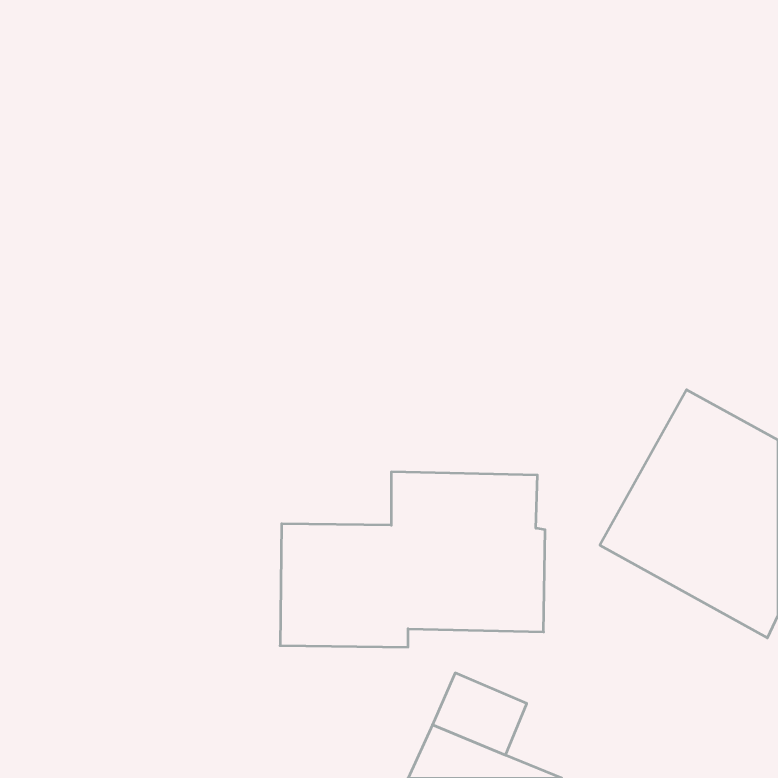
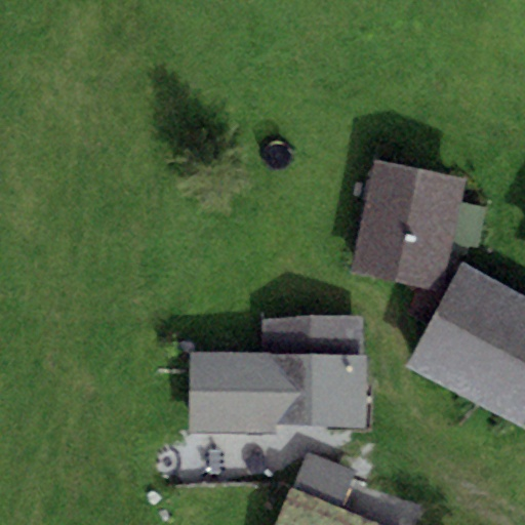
building: none -> [353,159,467,291]

